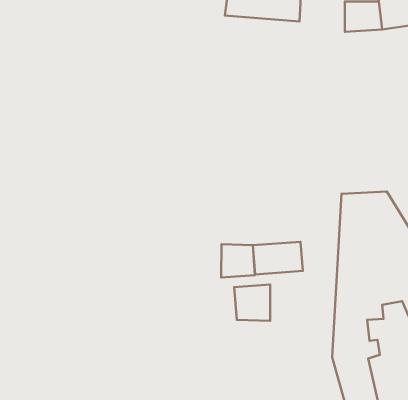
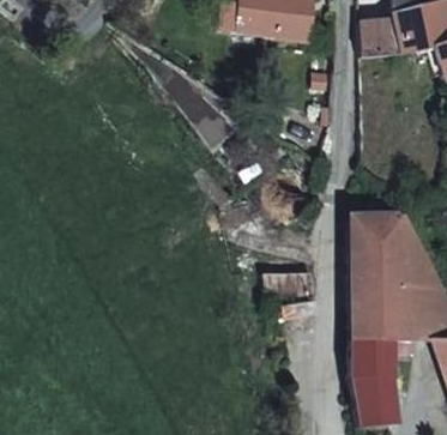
building: [221,244,255,278] -> none
building: [234,284,270,321] -> none

